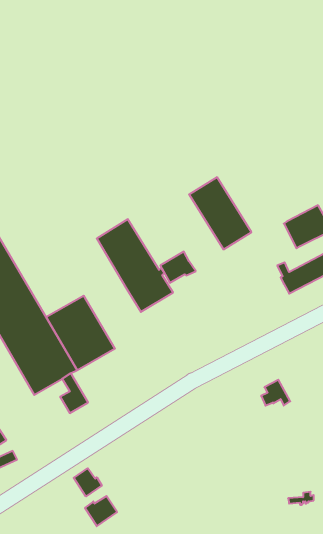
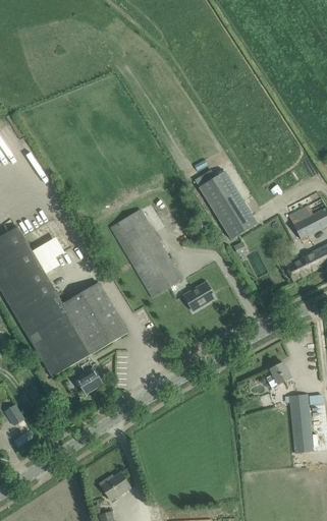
building: [160,252,196,283] -> [182,280,216,309]
building: none -> [289,395,314,453]
building: [74,468,102,496] -> none

